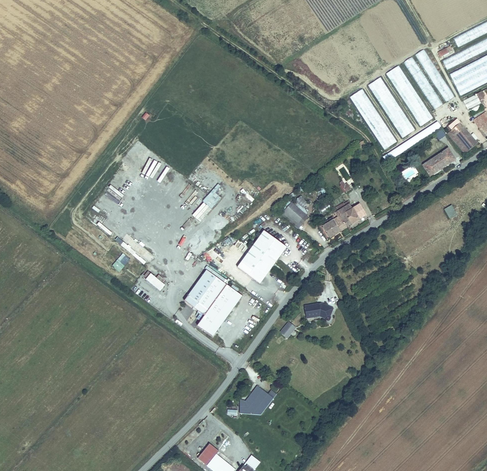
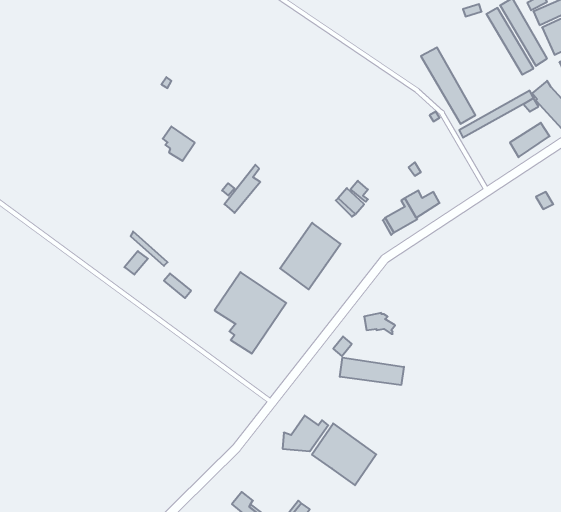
building: [386,64,432,126] -> none
building: [368,76,414,137] -> none
building: none -> [340,358,404,385]
building: none -> [312,423,376,485]

